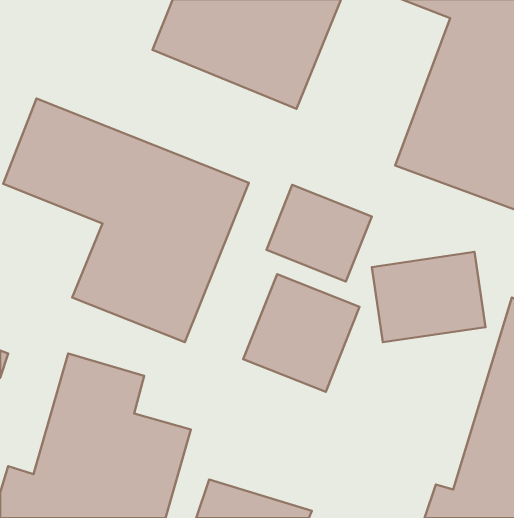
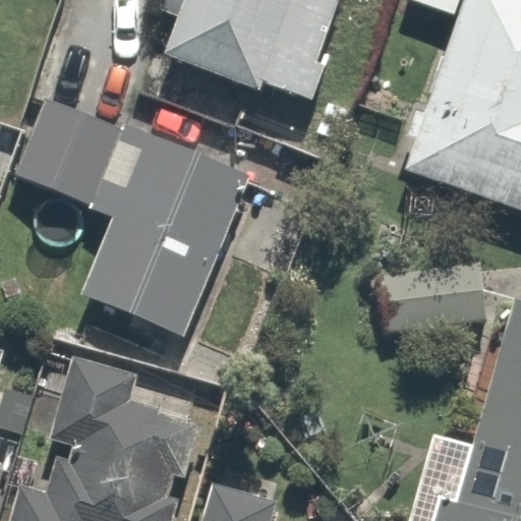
building: [266,185,372,281] -> none
building: [243,274,360,392] -> none

